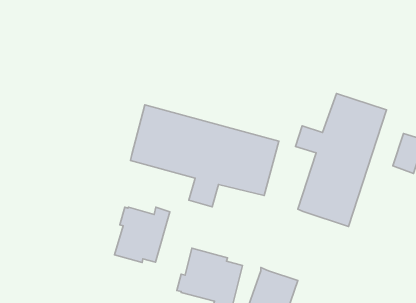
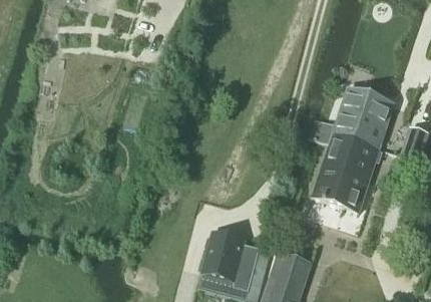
building: [130,105,279,207] -> none
building: [114,207,170,262] -> none

